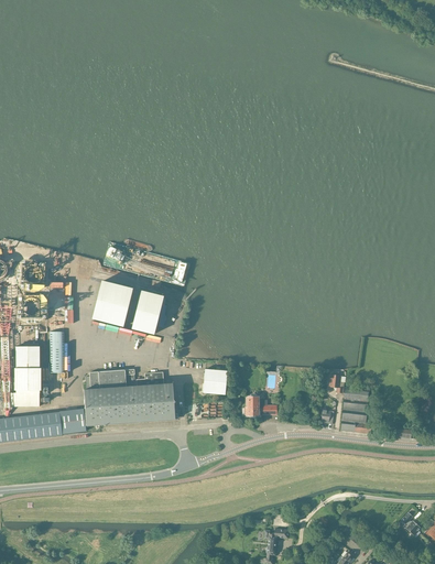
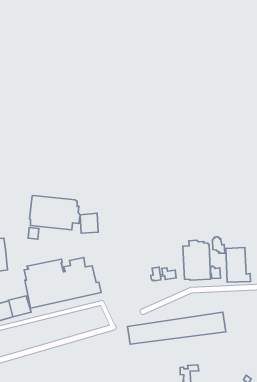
building: [203,369,227,394] -> [80,213,98,233]
building: none -> [183,240,210,280]
building: none -> [127,312,226,344]

